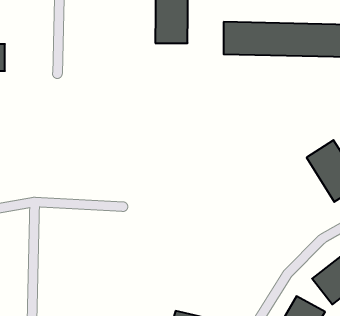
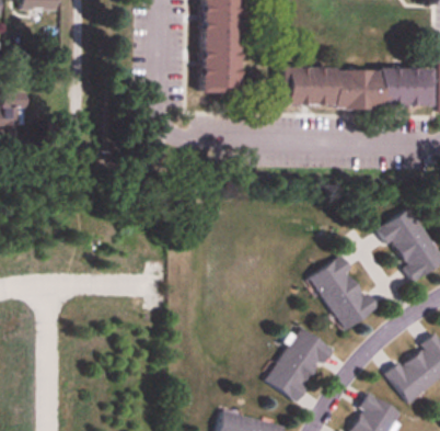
building: none -> [312,256,378,329]
building: none -> [267,327,333,400]

